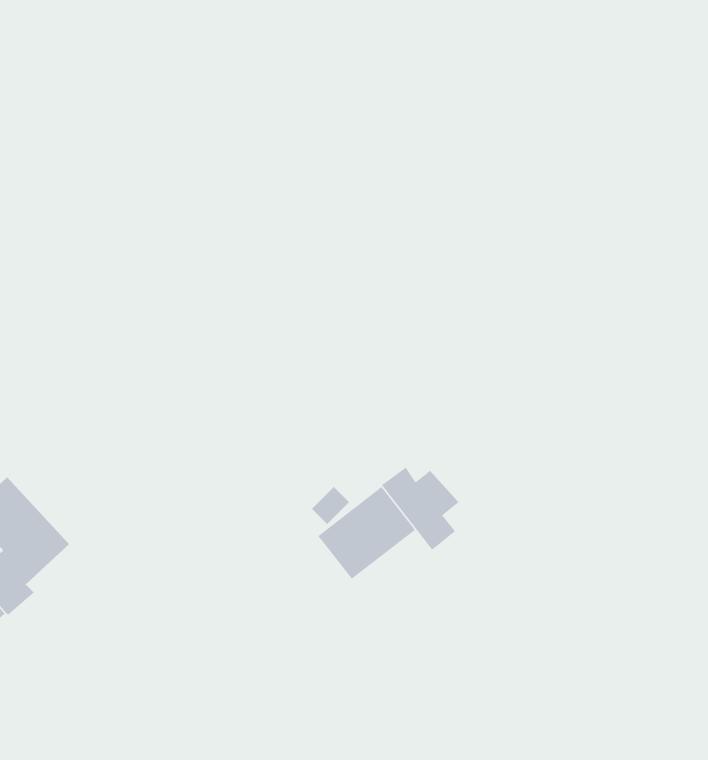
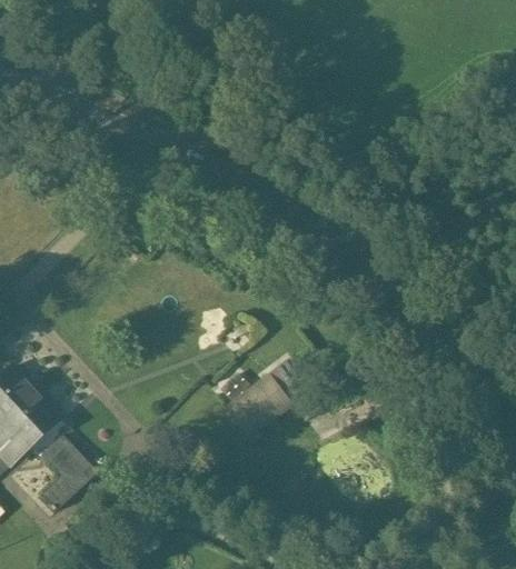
building: none -> [39,436,97,511]

